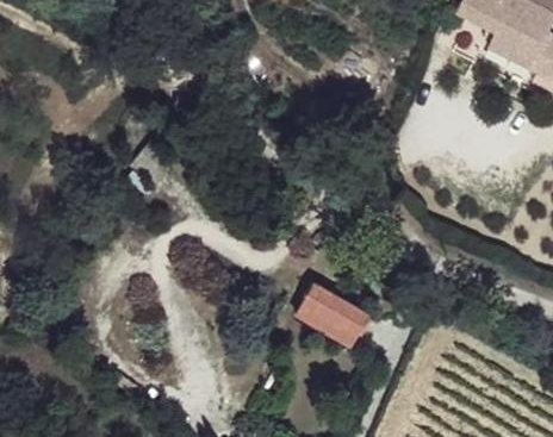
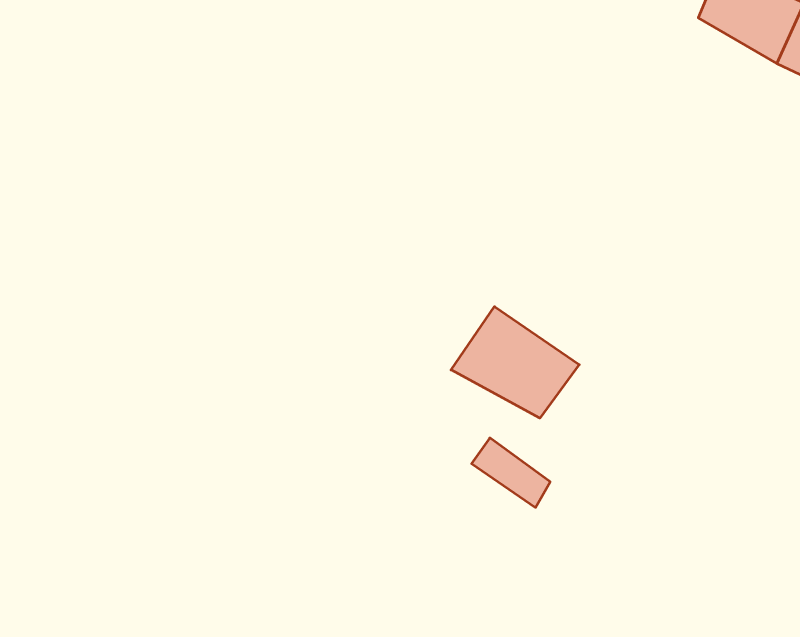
building: none -> [451,307,579,418]

